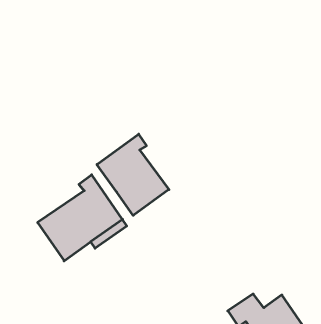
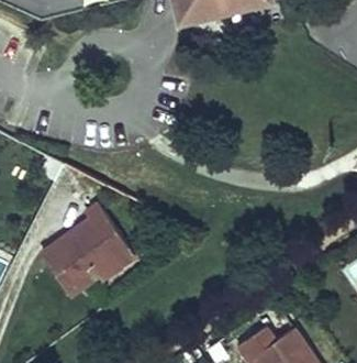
building: [97,134,169,215] -> none

